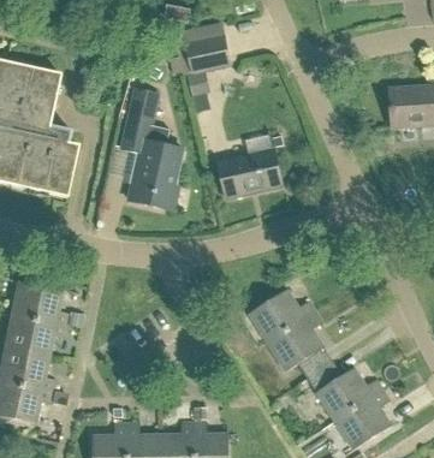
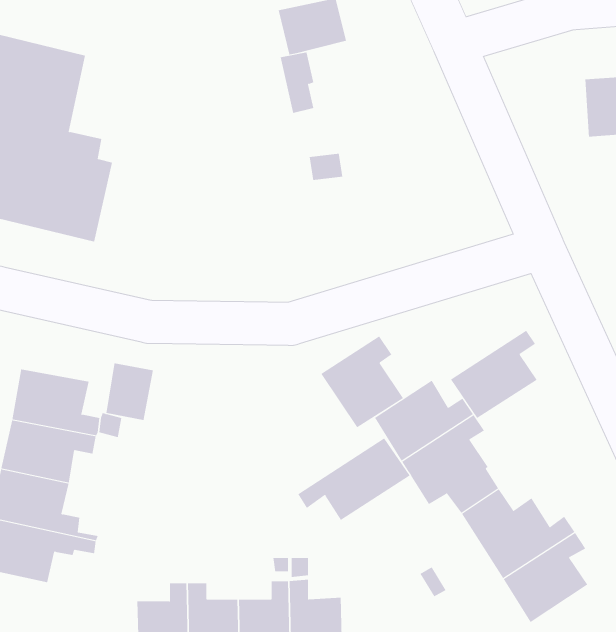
building: [121,87,183,210] -> none
building: [218,130,283,197] -> none
building: none -> [450,330,538,419]
building: none -> [321,335,404,428]
building: none -> [106,363,154,421]
building: none -> [297,438,410,521]

